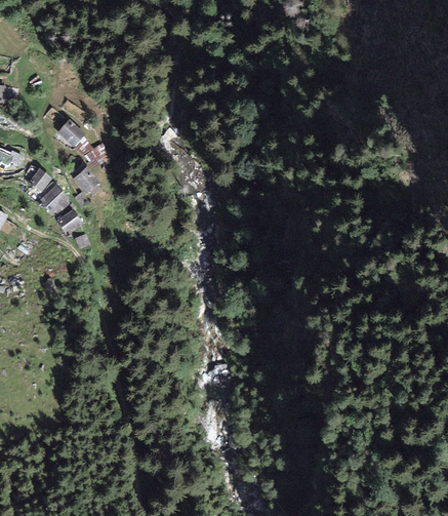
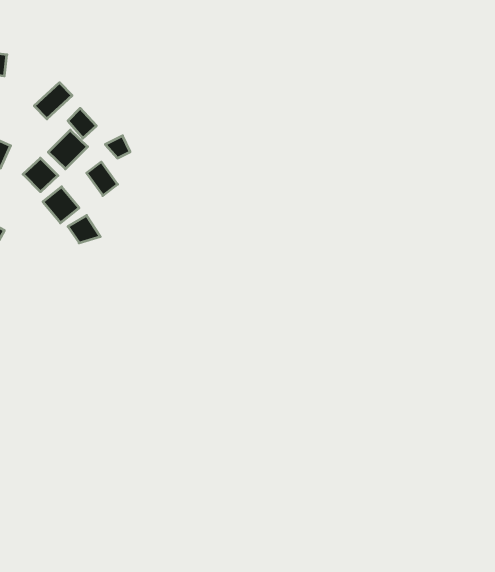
building: none -> [34,83,72,119]
building: none -> [48,130,88,169]

